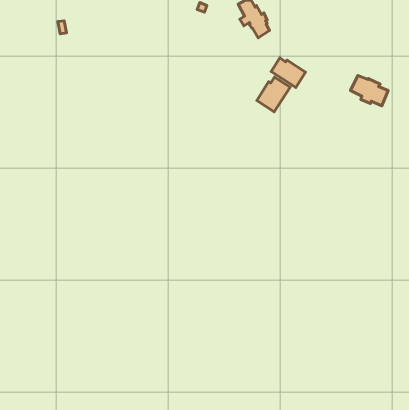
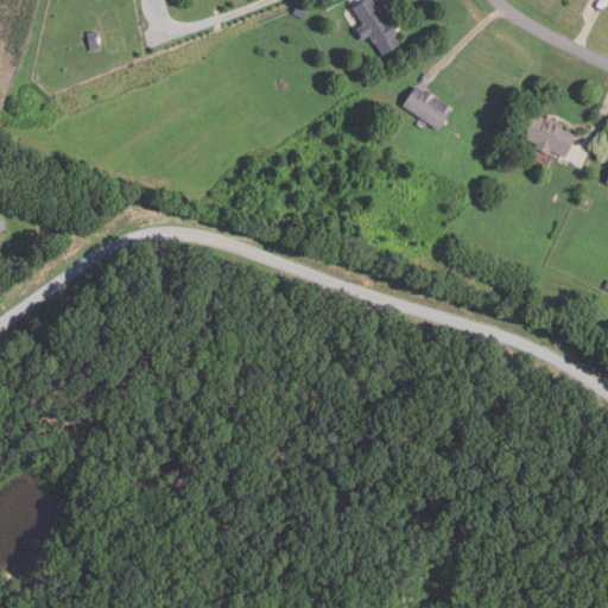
building: [257,77,290,112] -> none

